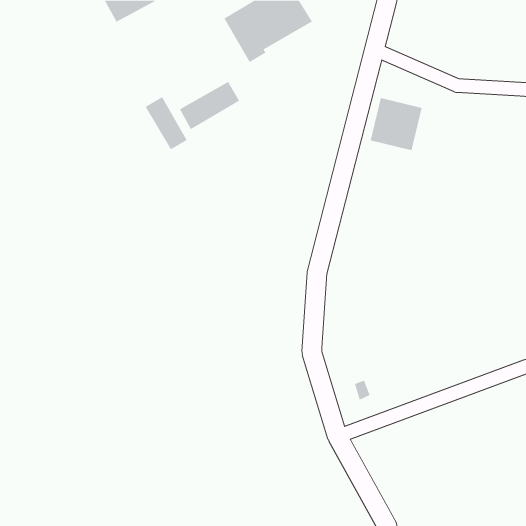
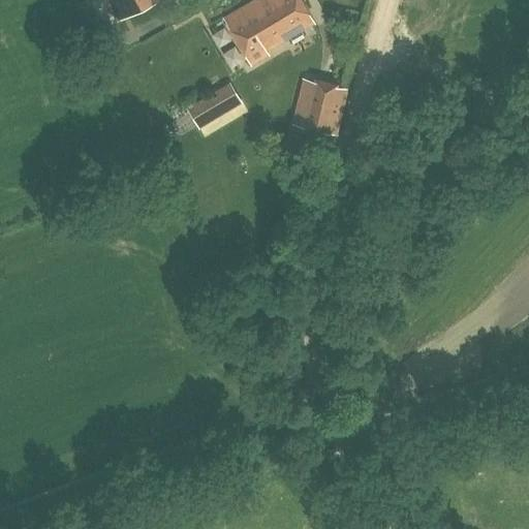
building: [145,96,188,150] -> none
building: [370,97,422,151] -> [293,80,346,133]

